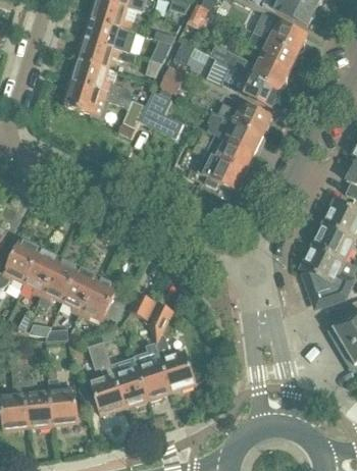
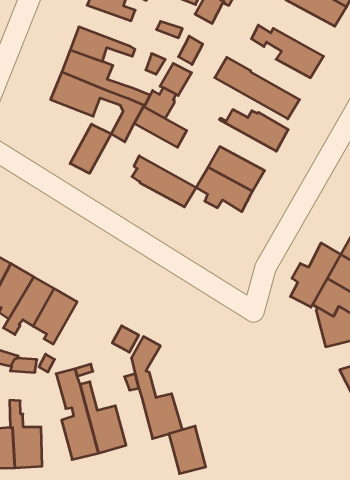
building: [85,19,137,53] -> none
building: [253,19,306,51] -> none
building: [209,44,288,90] -> none
building: [206,111,262,153] -> [132,156,196,207]
building: none -> [70,124,111,173]
building: none -> [290,243,341,307]
building: [80,276,124,321] -> none
building: [137,356,170,398] -> [169,426,206,474]

